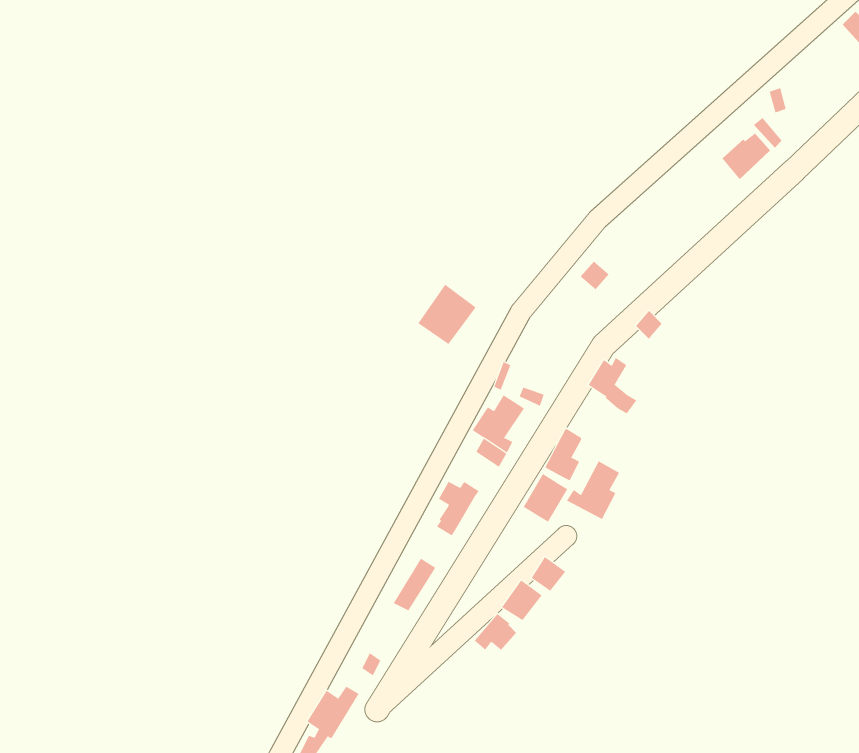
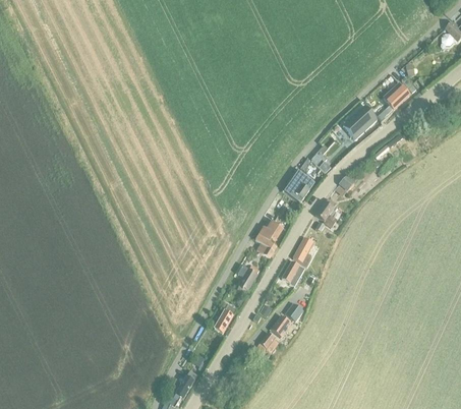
building: none -> [342,105,377,138]
building: [417,284,476,345] -> [284,169,314,200]
building: [566,461,620,520] -> none

